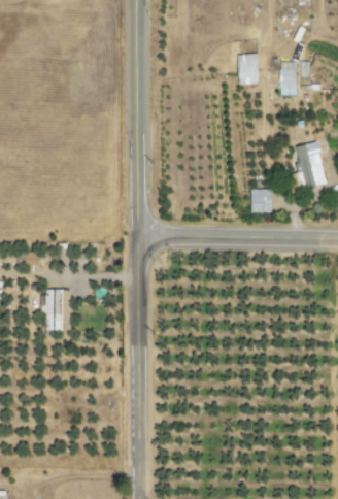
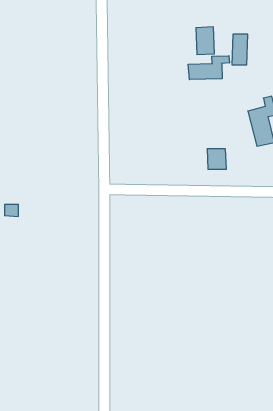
building: none -> [188,56,229,80]
building: [44,290,71,331] -> none

